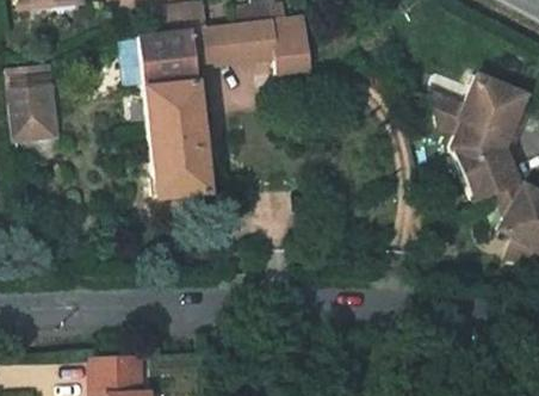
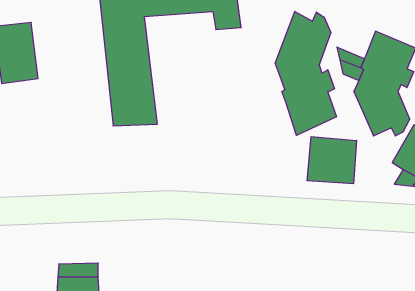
building: none -> [275,11,336,135]
building: none -> [307,137,356,184]

